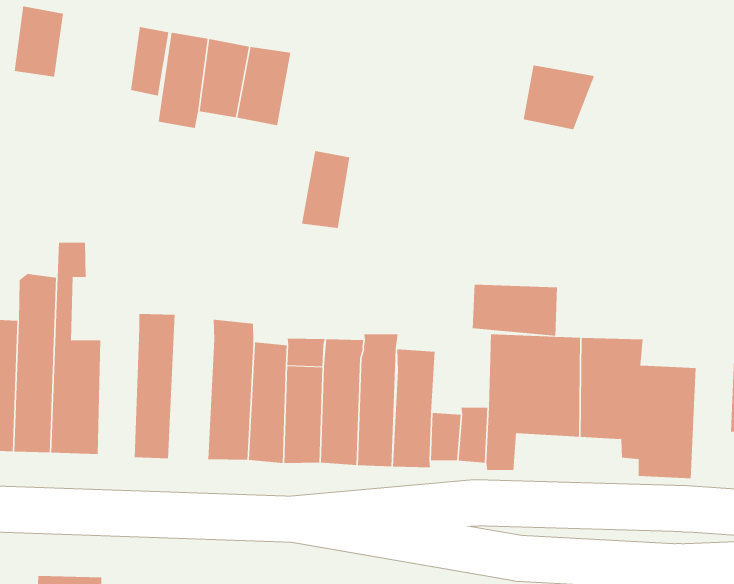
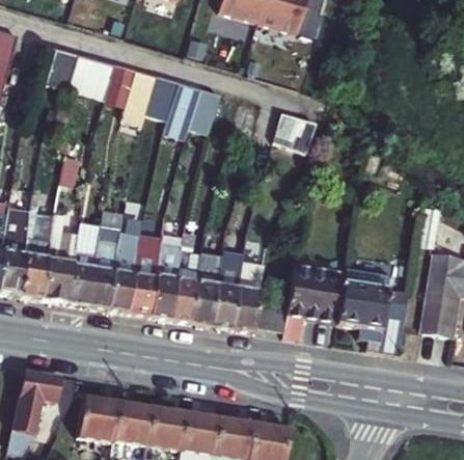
building: none -> [67,52,116,100]
building: [523,65,595,130] -> [275,114,319,154]
building: [301,150,350,228] -> [190,89,222,135]
building: [472,284,558,337] -> none
building: none -> [106,229,139,314]
building: none -> [66,232,98,307]

